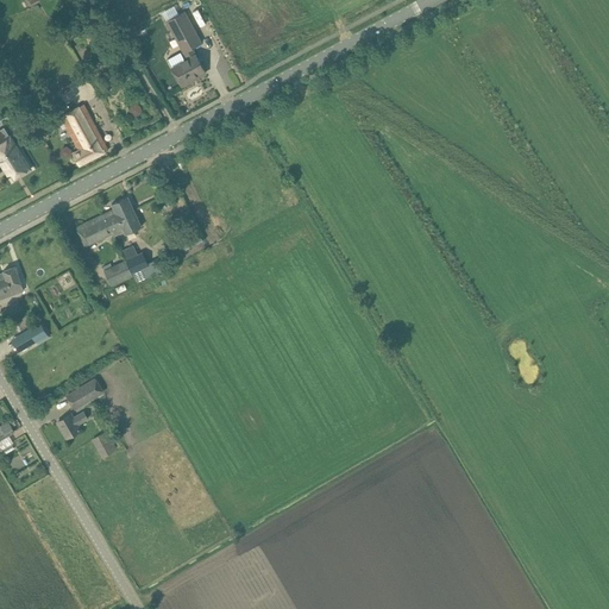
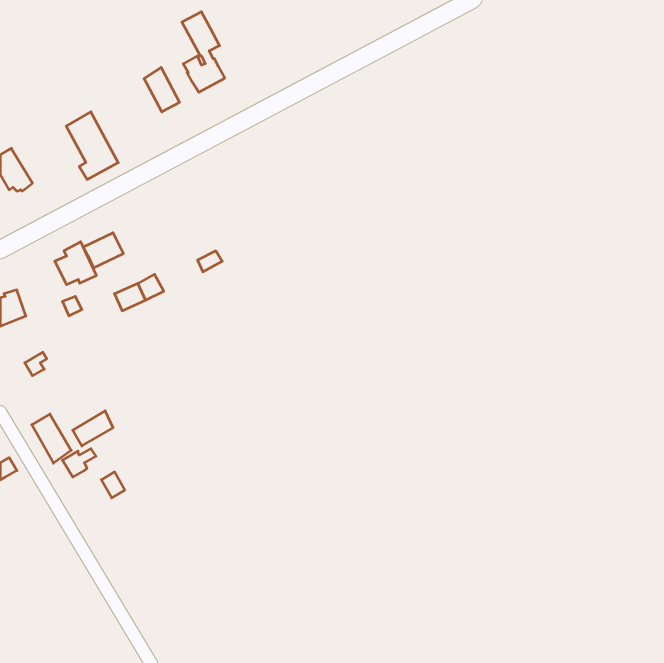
building: none -> [144,67,179,112]
building: [103,195,142,234] -> [55,242,96,285]
building: none -> [32,414,71,463]

